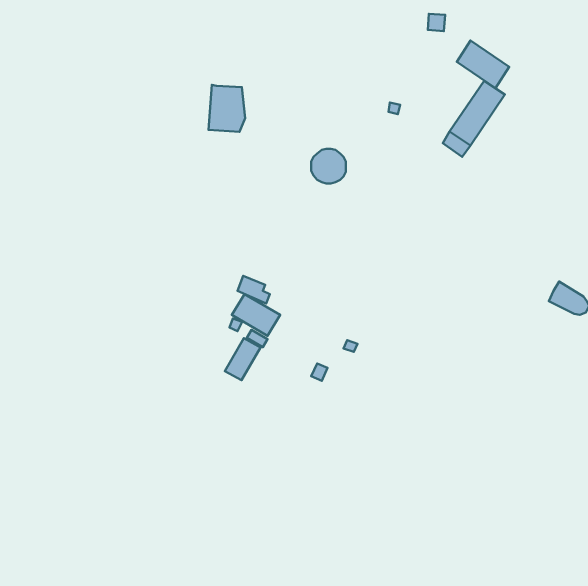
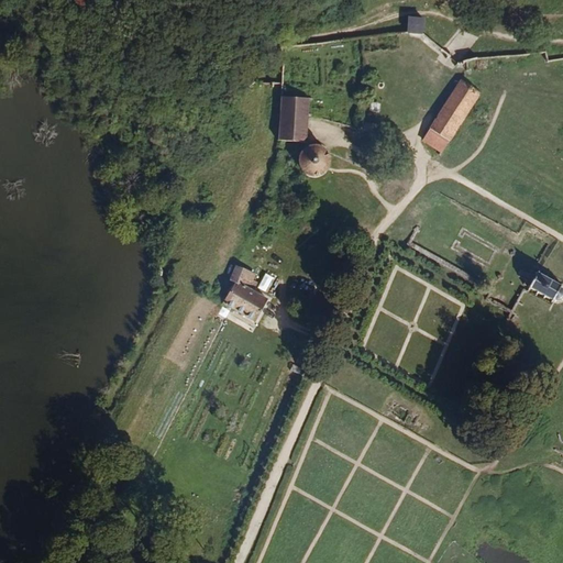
building: [457,41,509,88] -> none
building: [208,85,245,132] -> [276,93,311,139]
building: [225,338,260,380] -> none

